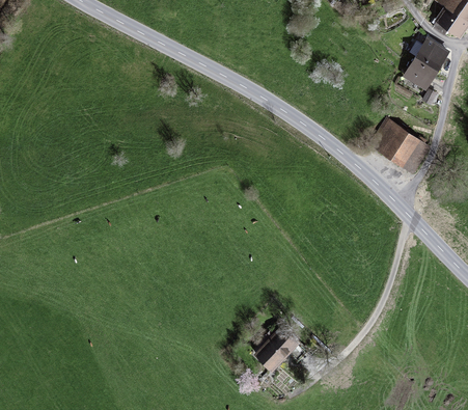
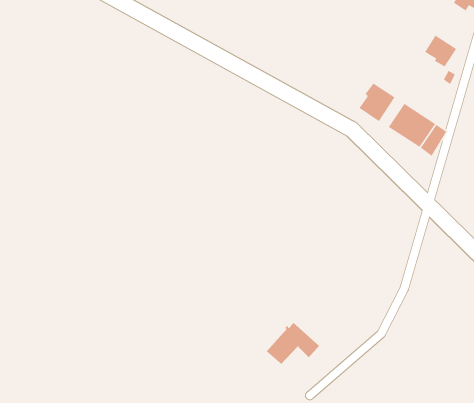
building: [415,38,446,70] -> none
building: none -> [359,82,396,122]

